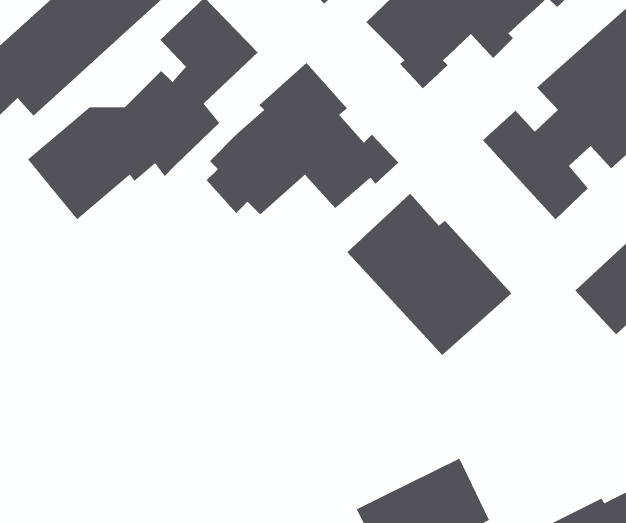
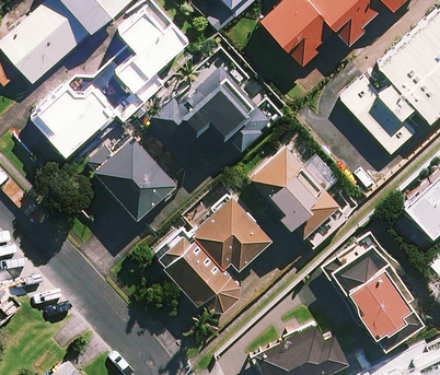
building: none -> [86,136,176,227]
building: none -> [152,197,271,319]
building: none -> [327,244,421,350]

